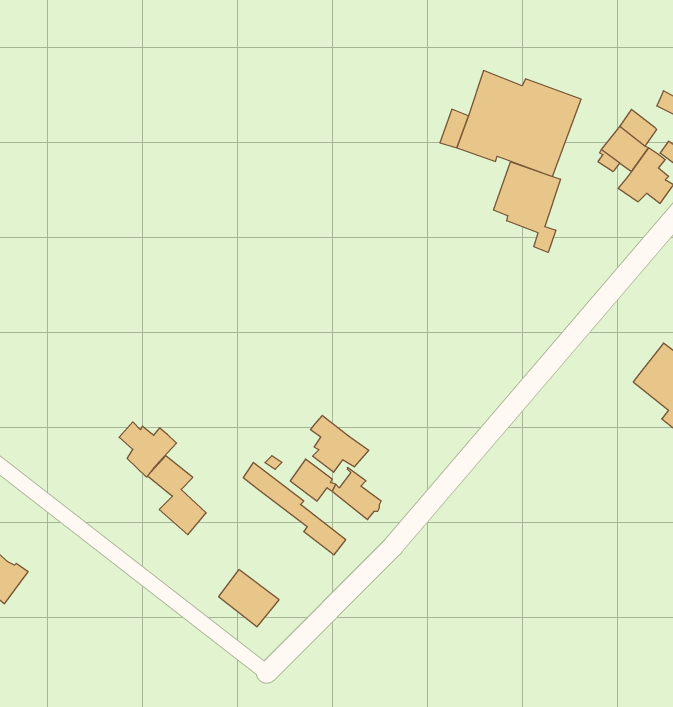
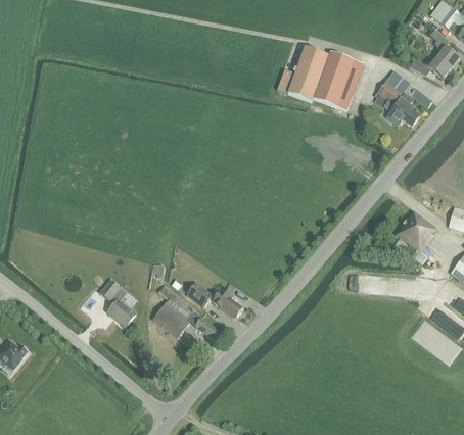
building: [493,162,560,252] -> none
building: [311,415,369,472] -> none
building: [119,422,177,477] -> none
building: [219,570,279,627] -> [152,303,189,338]

